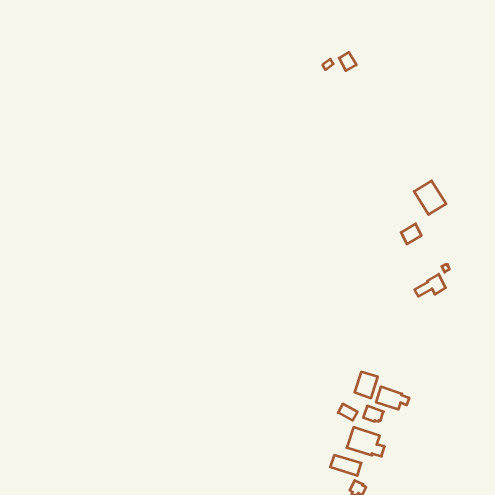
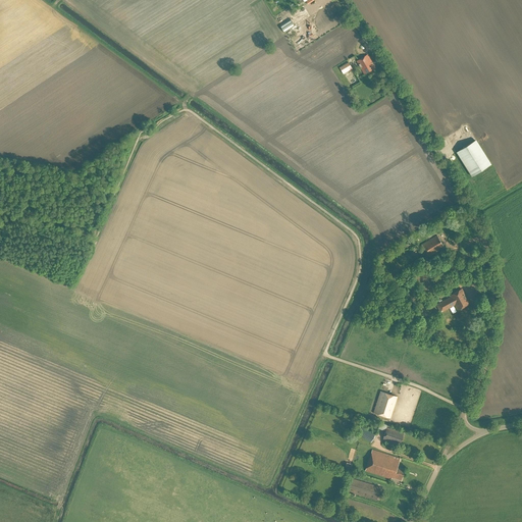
building: [414,181,446,215] -> [457,141,490,176]
building: [376,387,409,409] -> none

